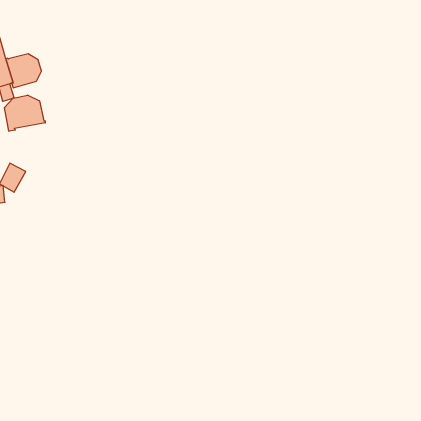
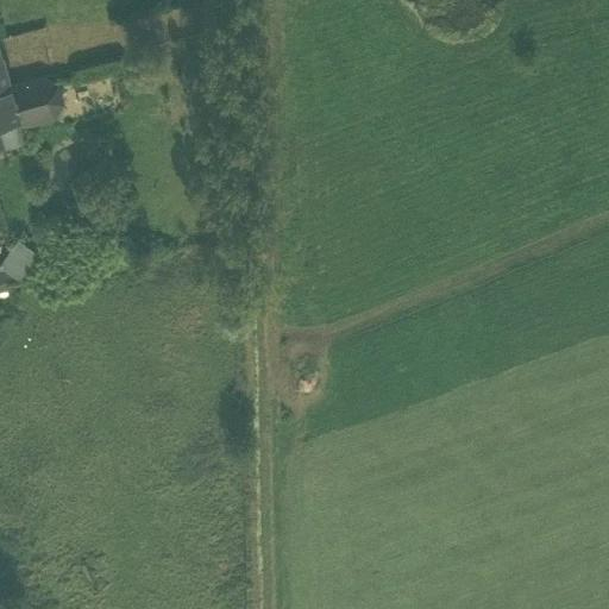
building: [4,95,45,131] -> none

